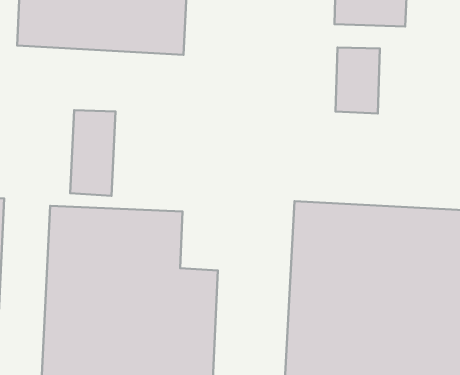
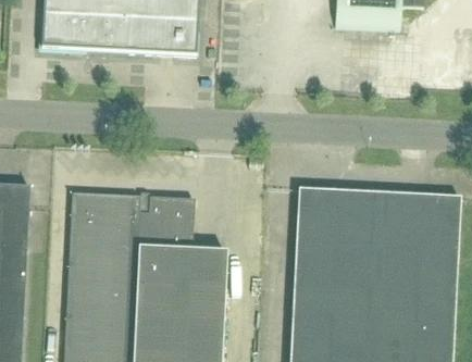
building: [335,48,380,114] -> none
building: [70,110,116,196] -> none

